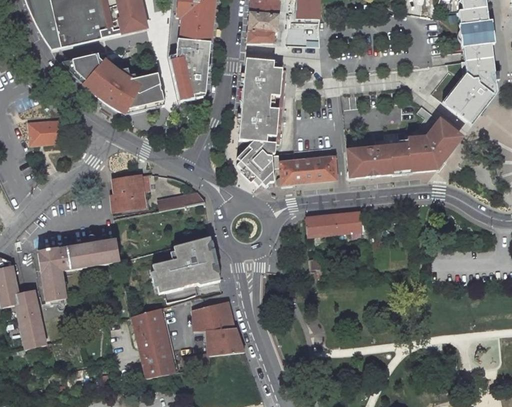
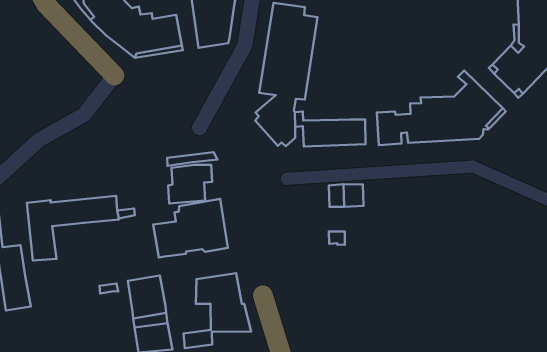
building: [28,123,66,146] -> none
building: [112,175,151,212] -> [168,165,212,203]
building: [335,211,363,238] -> none

